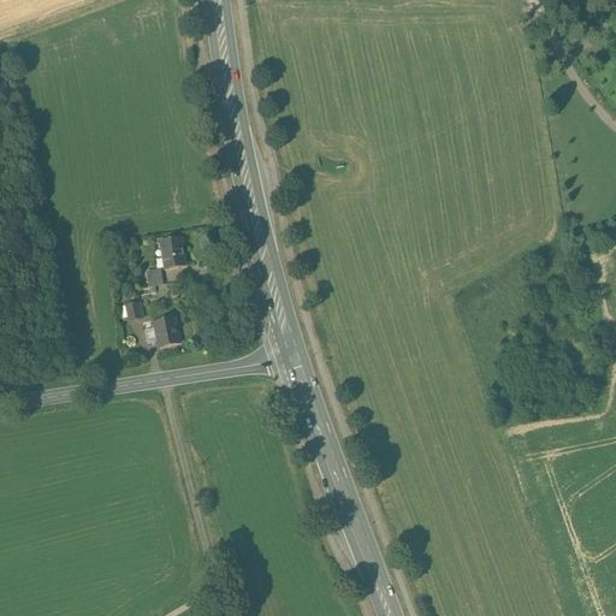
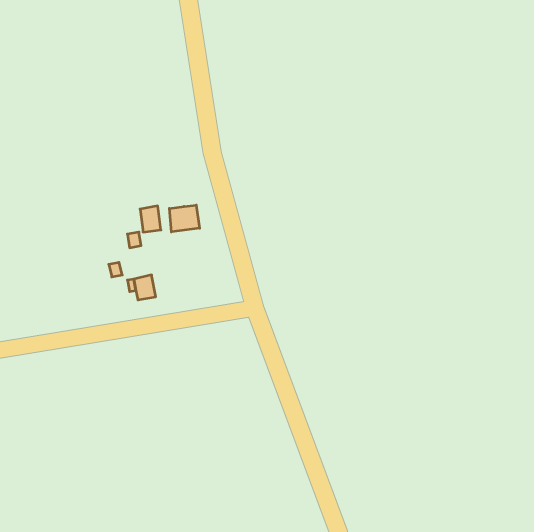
building: none -> [169,205,200,232]

